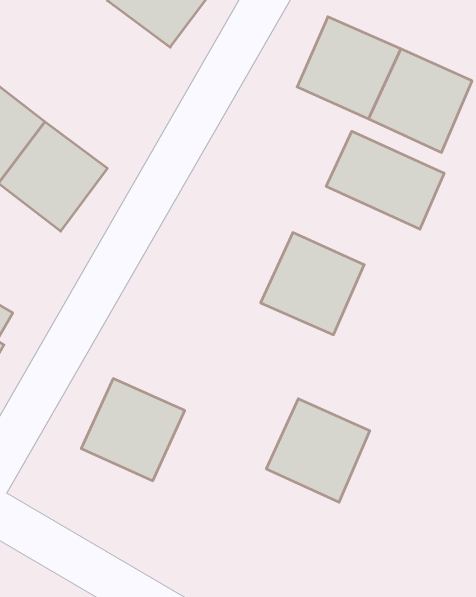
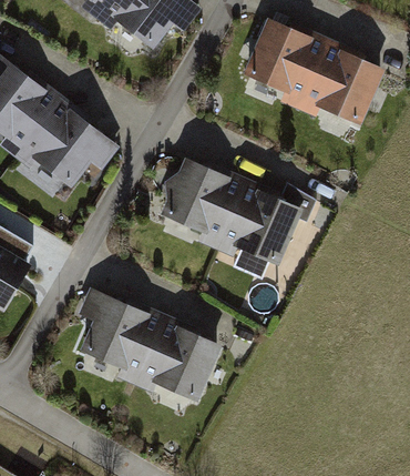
building: [326,131,444,229] -> none
building: none -> [165,160,244,237]
building: [266,399,370,502] -> [137,320,216,398]

